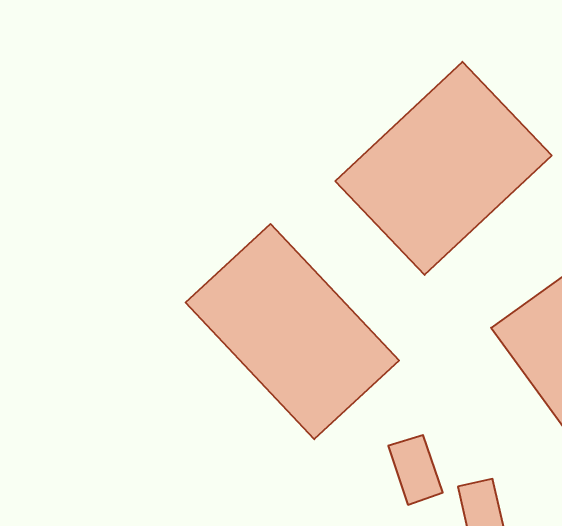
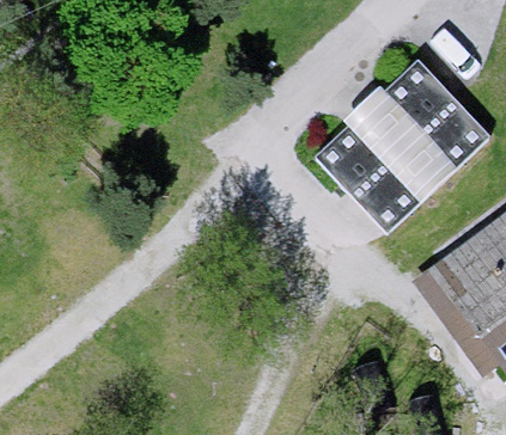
building: [186,224,399,439] -> none

